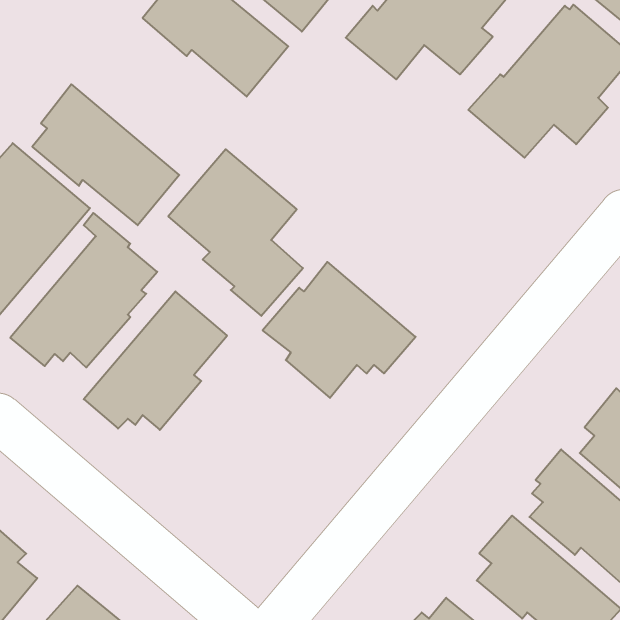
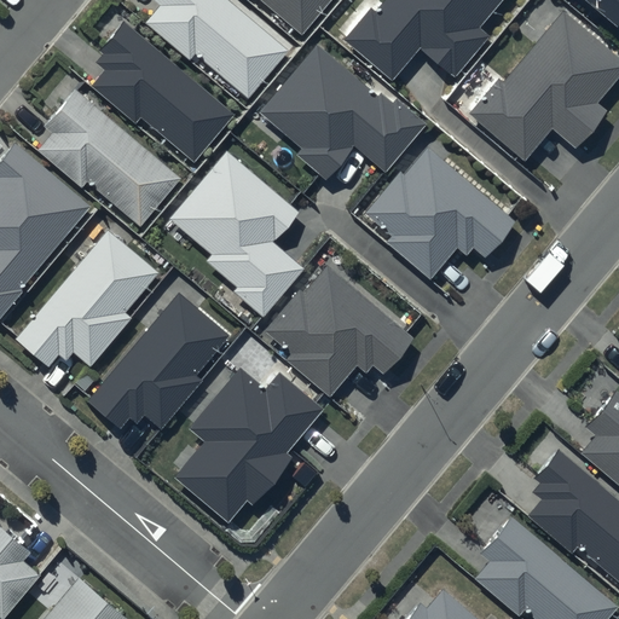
building: none -> [91,18,235,162]
building: none -> [262,48,428,183]
building: none -> [365,145,516,278]
building: none -> [174,365,325,521]

